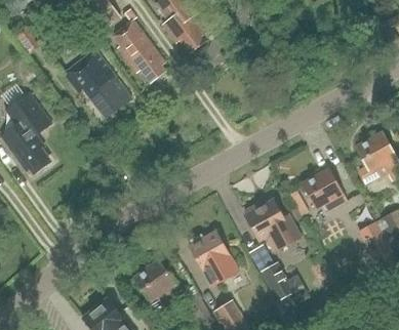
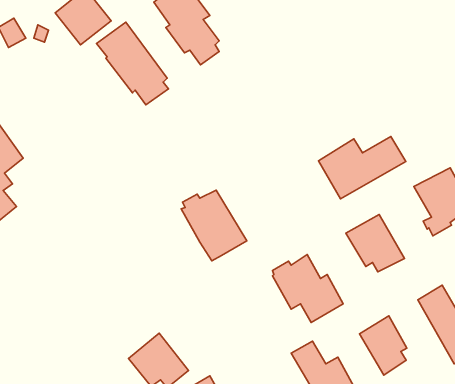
building: [64,50,129,117] -> none
building: none -> [318,136,406,199]
building: [189,230,239,284] -> [181,190,247,261]
building: none -> [359,316,407,375]

